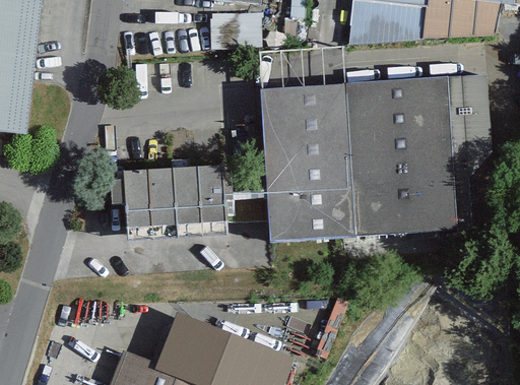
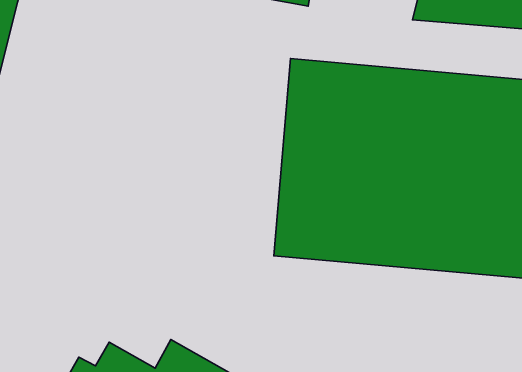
building: [112,163,229,230] -> none

